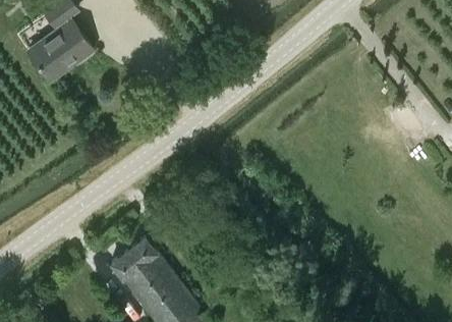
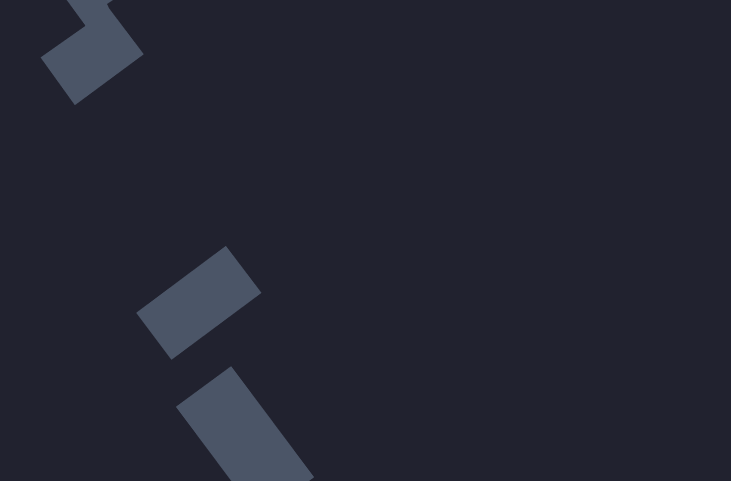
building: none -> [135,245,262,361]

